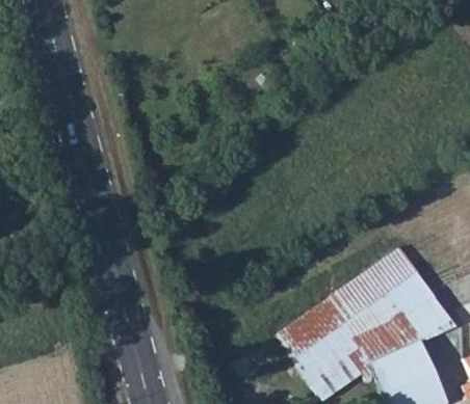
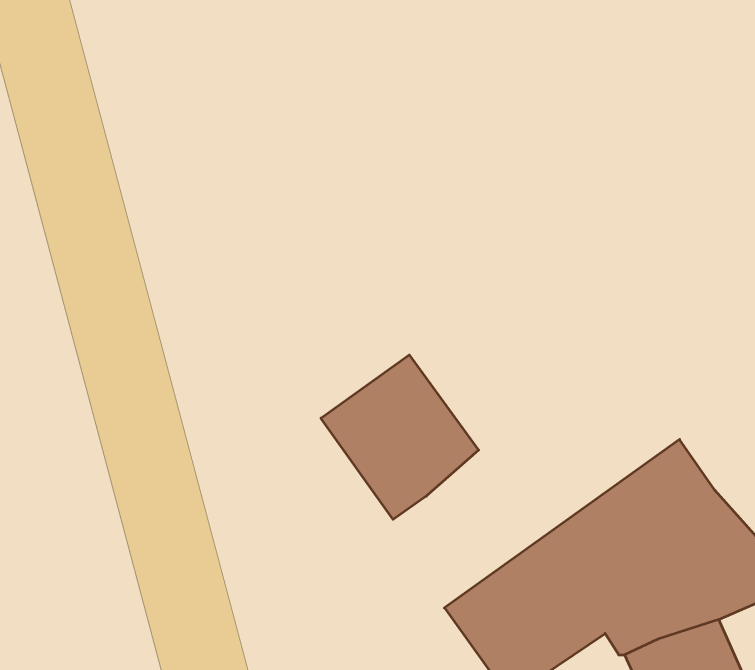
building: none -> [321,355,479,519]

